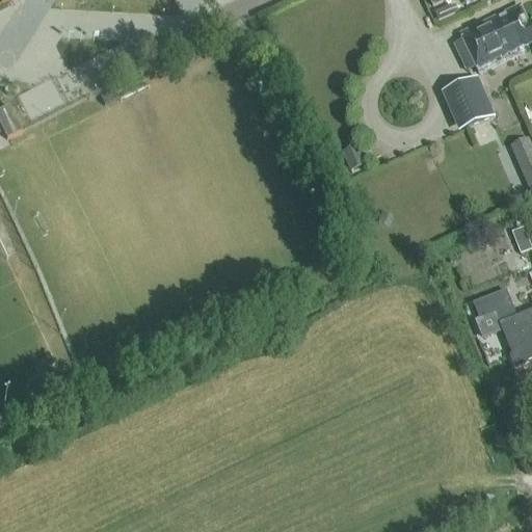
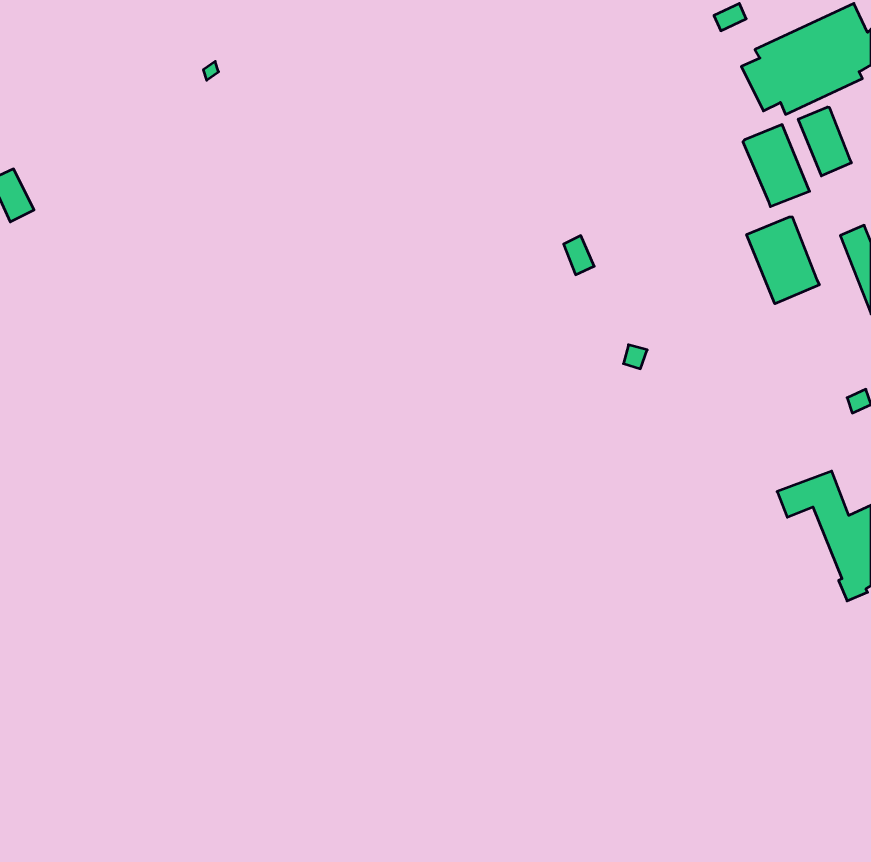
building: none -> [798,107,851,176]
building: none -> [747,217,819,304]

